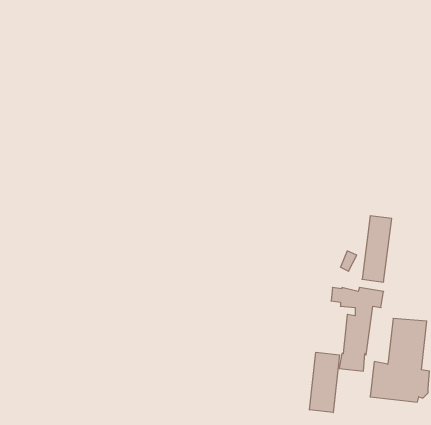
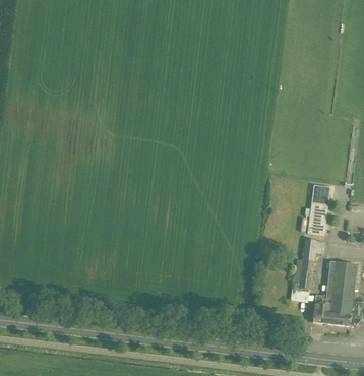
building: [310,352,340,413] -> none

